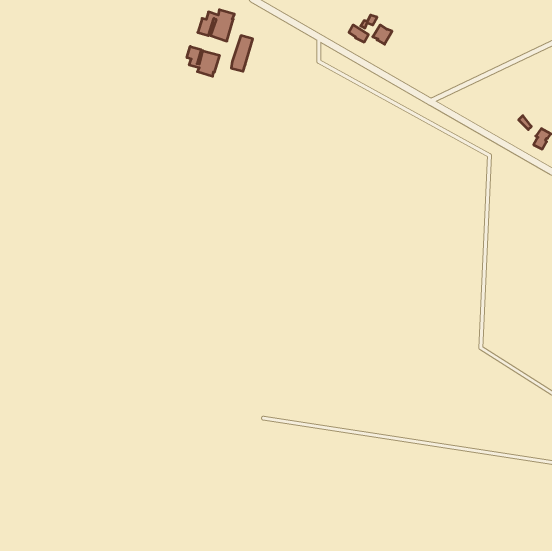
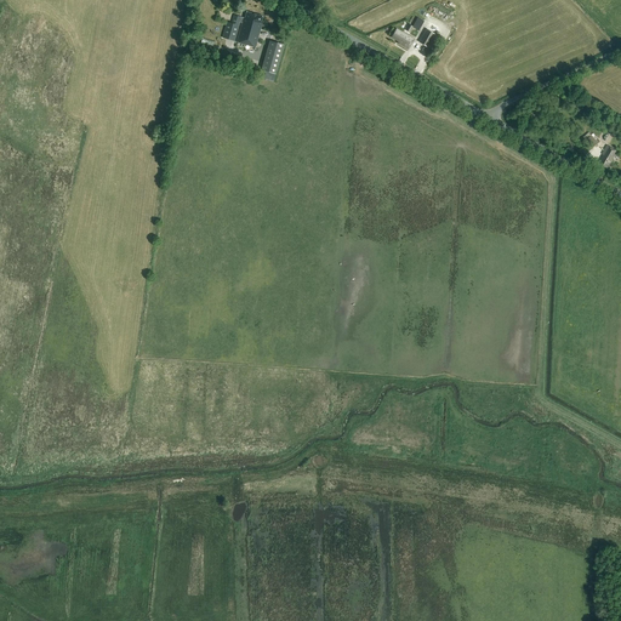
building: [187,46,219,76] -> none

